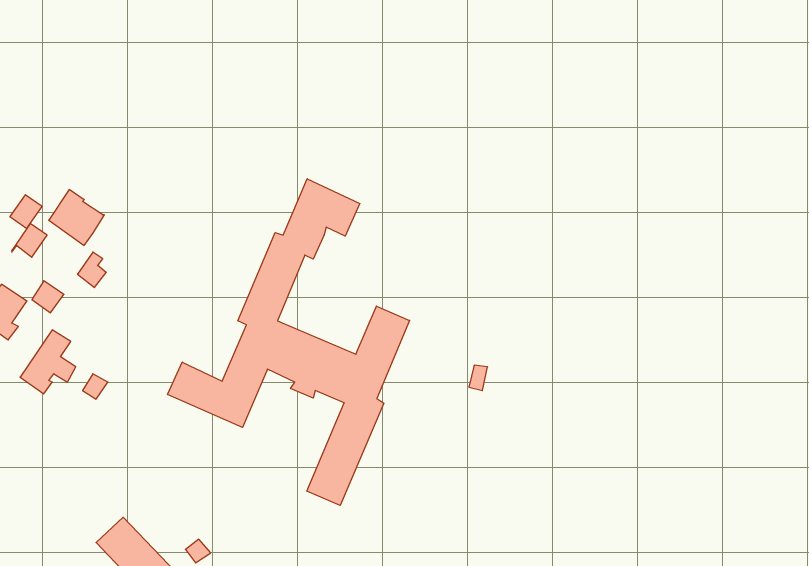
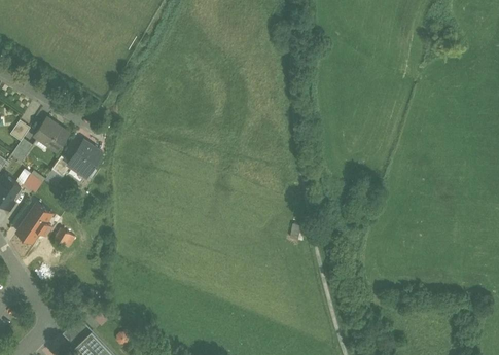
building: [168,179,410,505] -> none
building: none -> [67,143,100,178]

